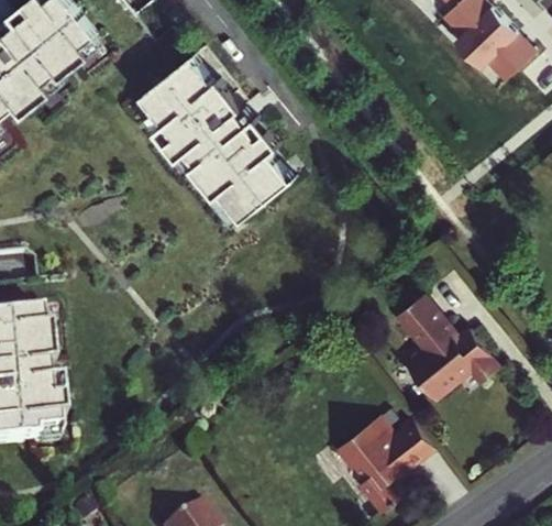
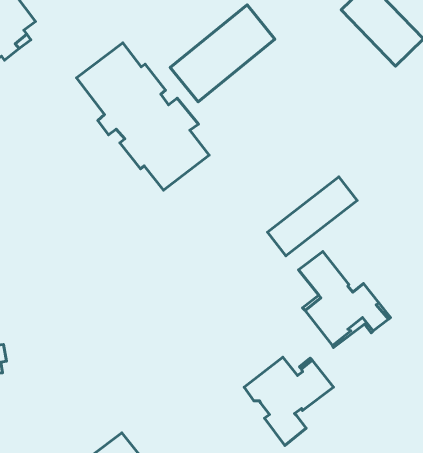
building: none -> [170,5,275,102]
building: none -> [267,177,357,256]

